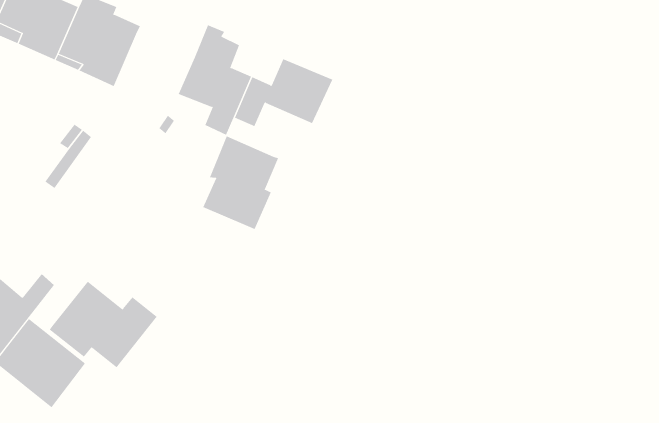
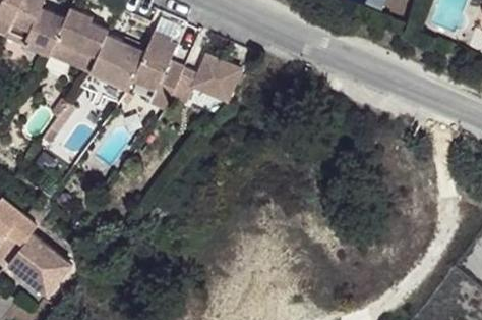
building: none -> [89,36,144,90]
building: [203,136,279,230] -> none
building: [49,281,158,368] -> none

